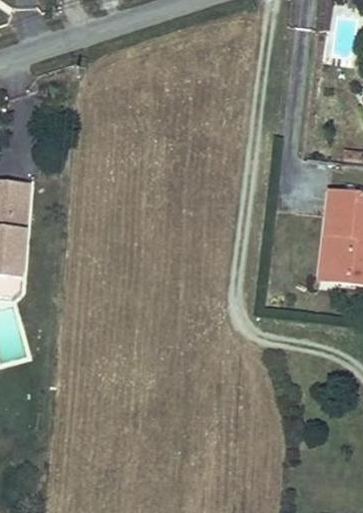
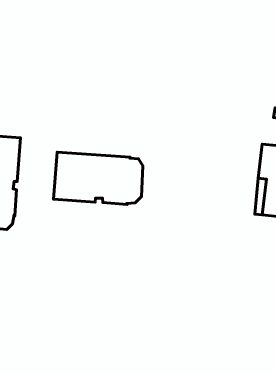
building: none -> [54,152,143,205]

